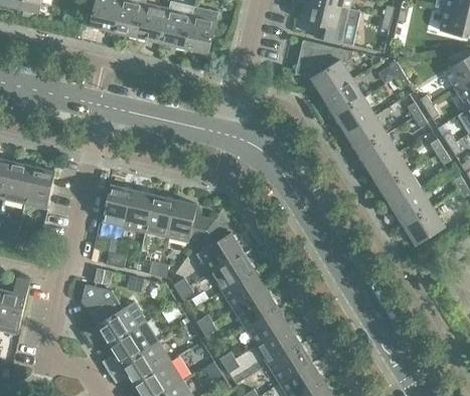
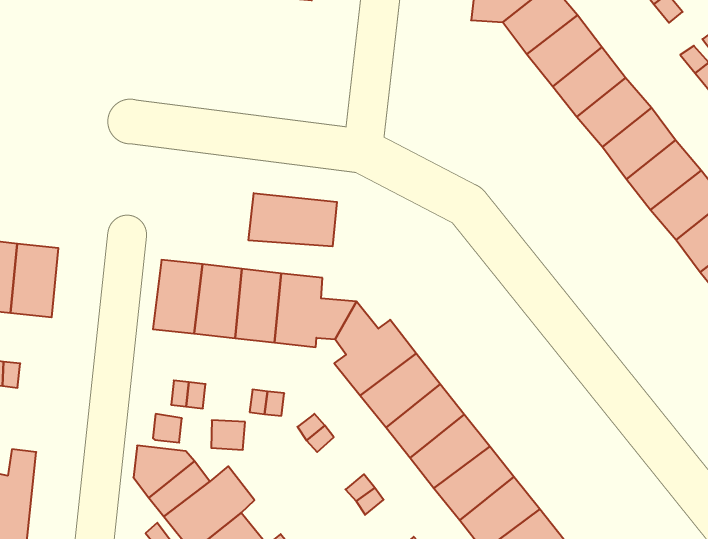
building: none -> [249,193,337,246]

